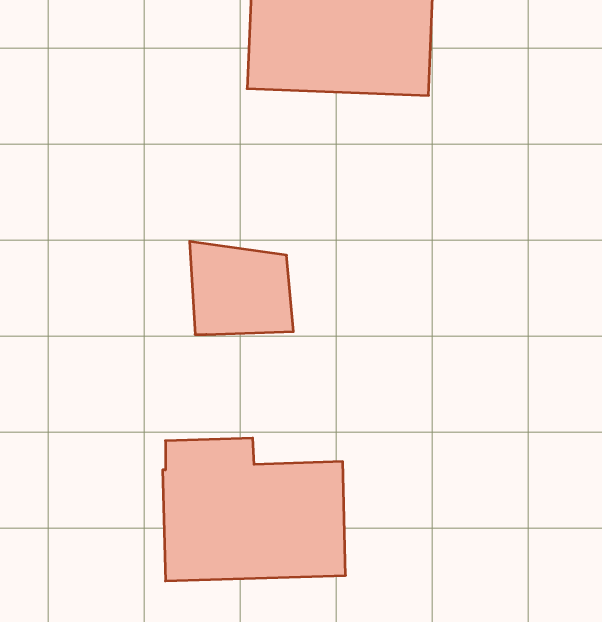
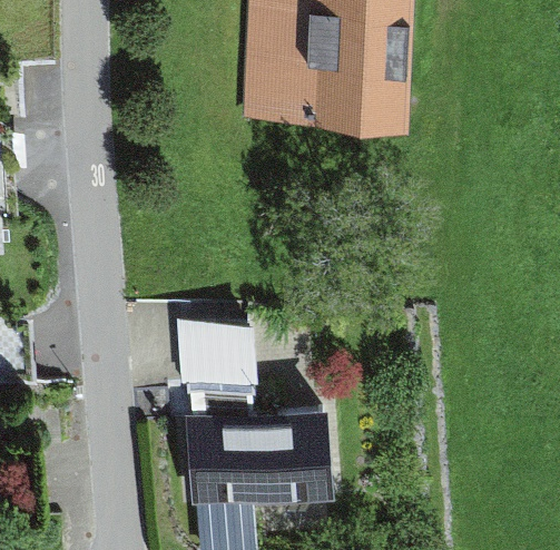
building: [190,241,293,334] -> [168,321,252,395]

